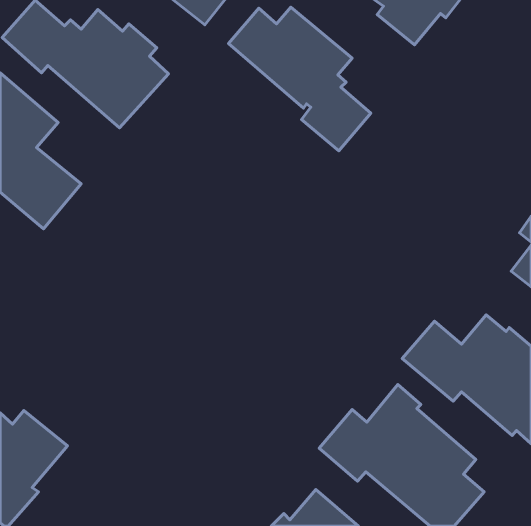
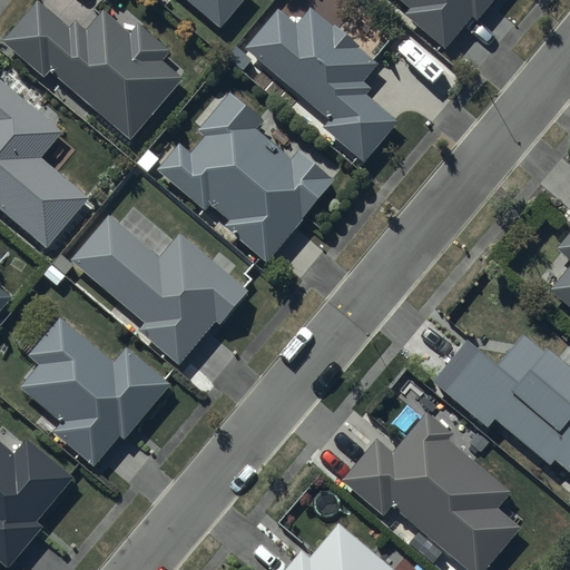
building: none -> [157,94,335,262]
building: none -> [70,215,248,364]
building: none -> [21,317,169,465]

